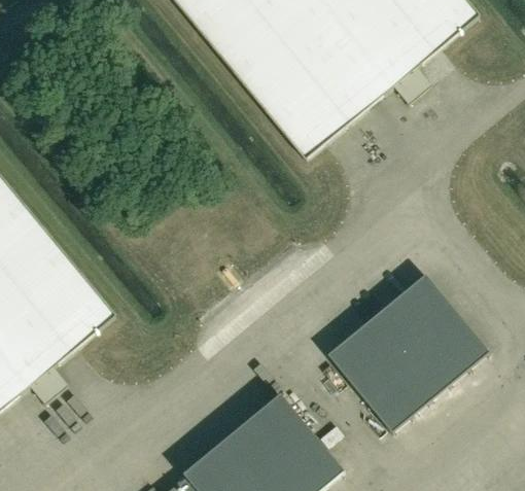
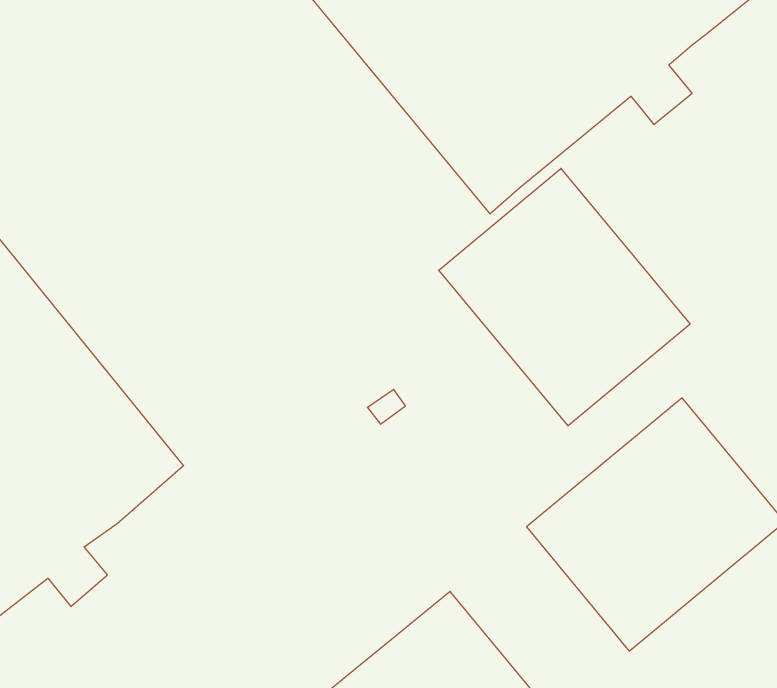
building: none -> [439,168,690,426]

